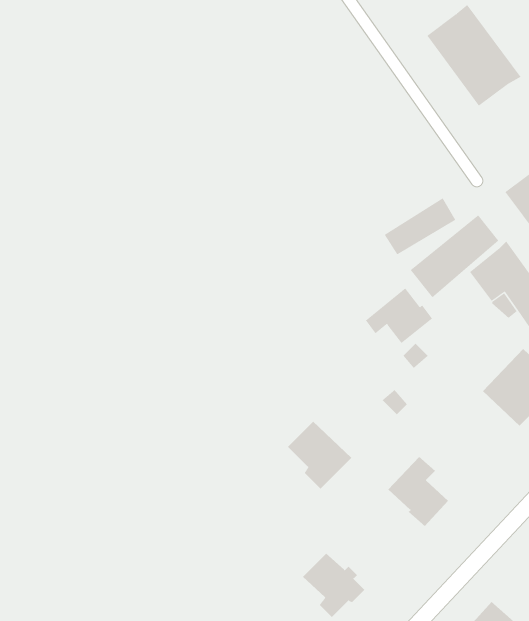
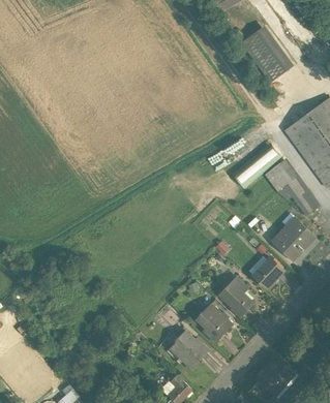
building: [365,288,433,344] -> none
building: [287,421,352,489] -> [197,304,233,342]
building: none -> [253,257,283,288]

